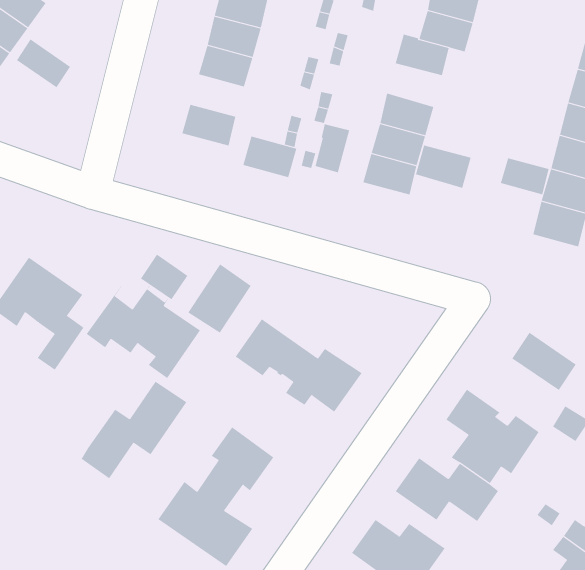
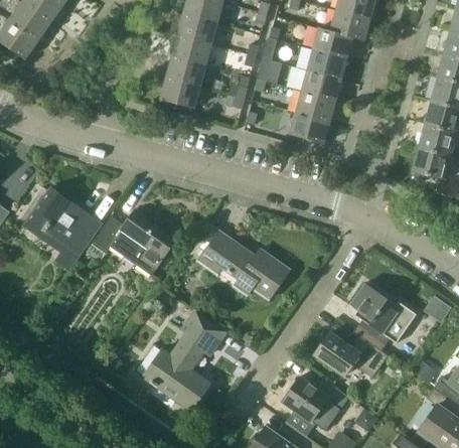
building: [16,38,71,88] -> none
building: [315,124,350,173] -> none
building: [243,136,297,178] -> [165,56,204,87]
building: [415,145,471,188] -> [306,48,346,80]
building: [500,158,549,195] -> none
building: [140,254,188,300] -> none
building: [187,264,251,333] -> none
building: [512,332,577,391] -> none
building: [81,381,187,479] -> none

